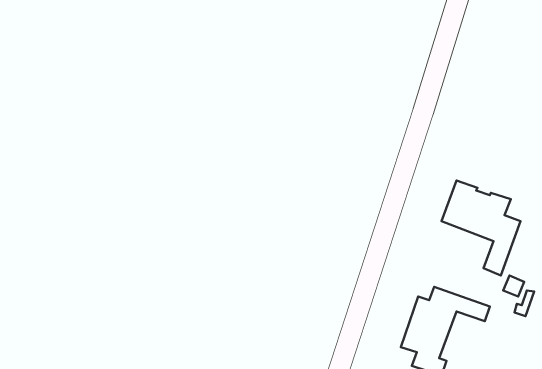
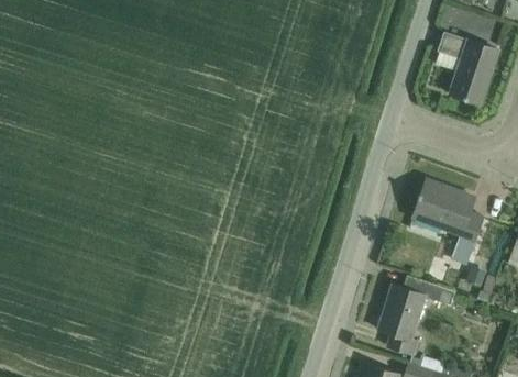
building: none -> [432,33,495,103]

